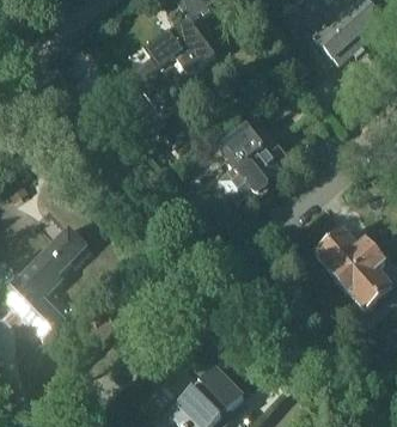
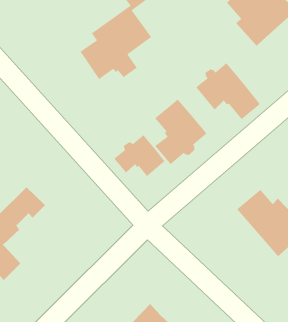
building: none -> [195,62,261,120]
building: none -> [113,134,166,177]

